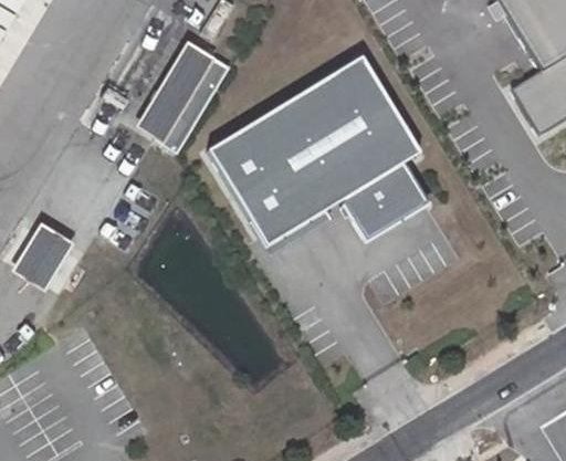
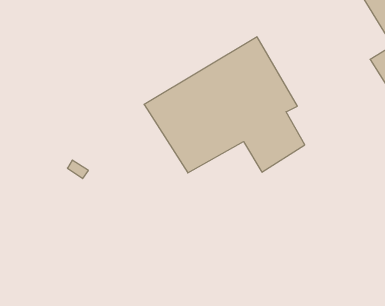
building: [142,50,228,154] -> none
building: [17,229,75,293] -> none

